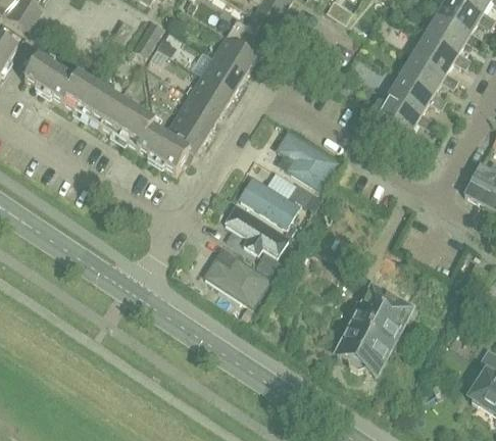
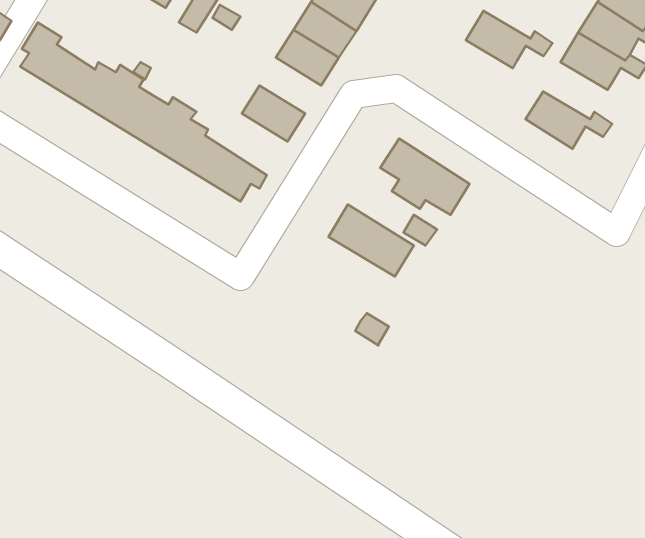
building: [190,72,233,111] -> none
building: [387,76,447,115] -> [466,11,552,68]
building: [165,111,209,150] -> none
building: [222,204,289,256] -> none
building: [201,255,267,305] -> none
building: [336,285,412,374] -> none

